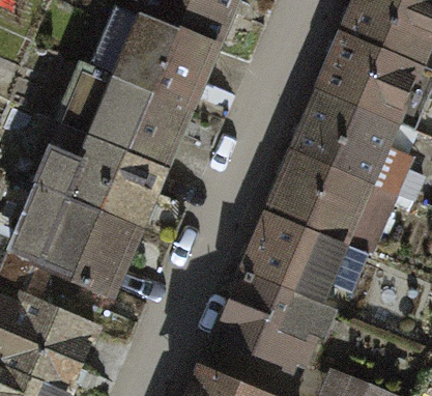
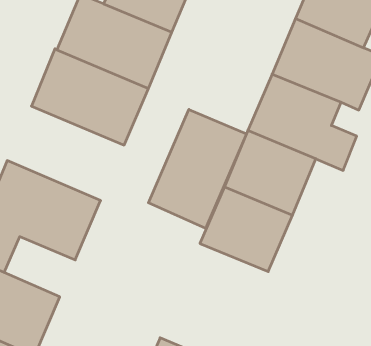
building: [39,125,164,226] -> none
building: none -> [148,109,246,228]
building: [219,272,336,365] -> none

